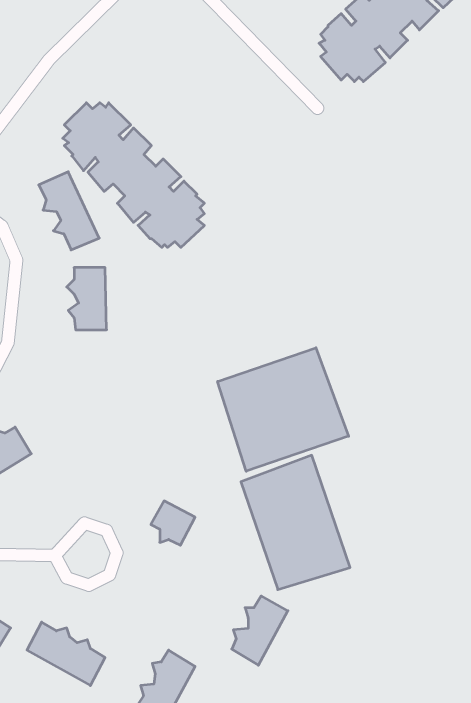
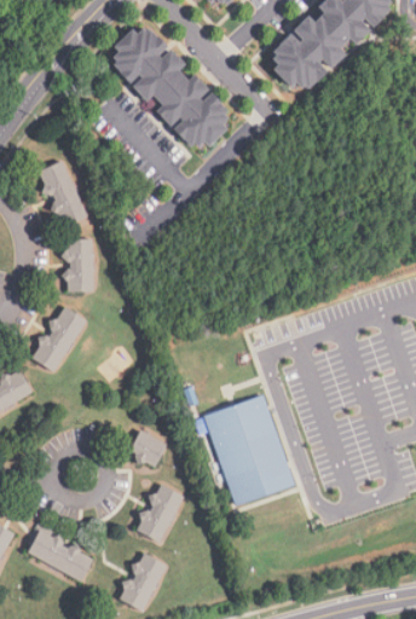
building: [63,103,204,247] -> [109,28,225,146]
building: [218,348,349,471] -> none
building: none -> [33,307,87,371]
building: [232,596,288,665] -> [138,485,184,542]

